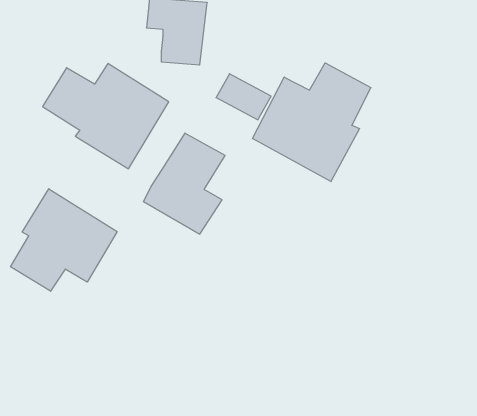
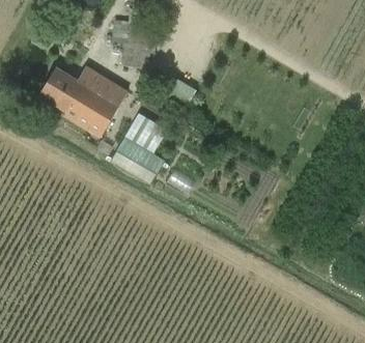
building: [253,63,371,182] -> none
building: [11,189,117,291] -> none

